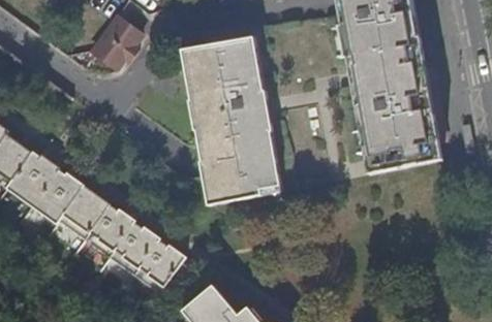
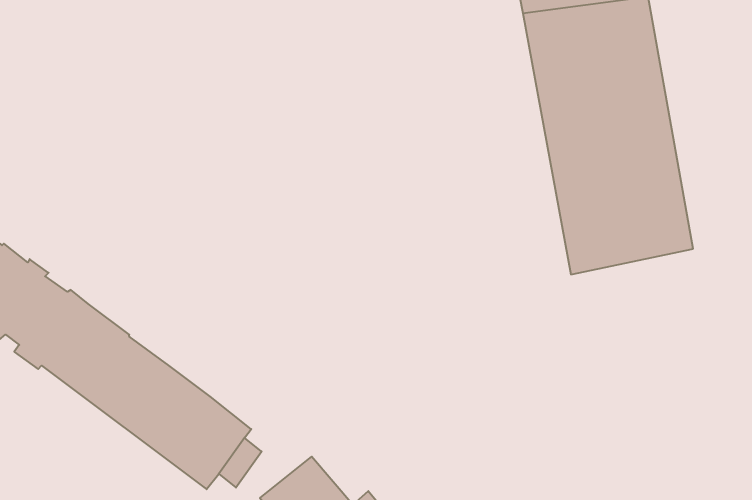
building: [93,15,144,67] -> none
building: [187,35,275,198] -> none

